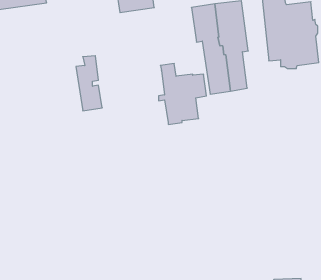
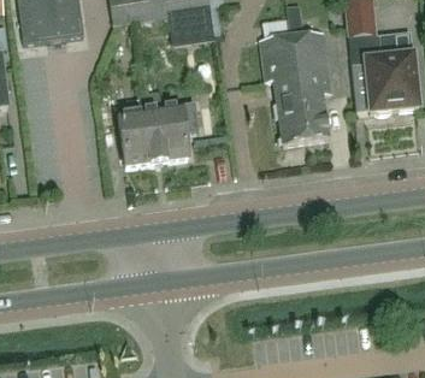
building: [159,64,206,124] -> [140,90,199,165]

